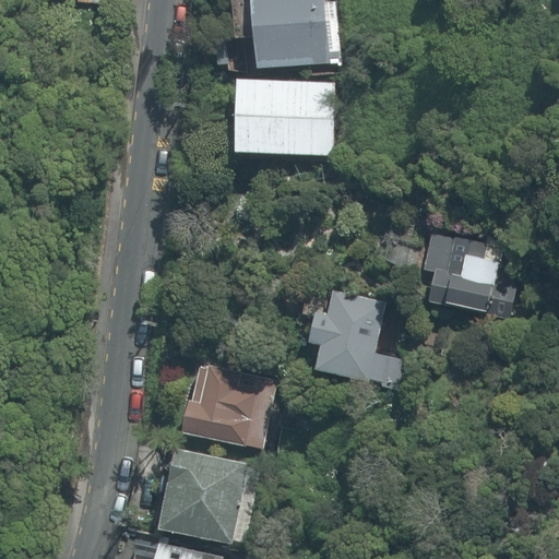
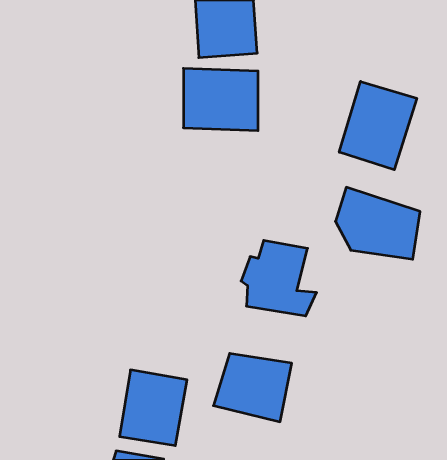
building: none -> [339,81,417,170]
building: [173,365,267,448] -> [213,353,292,422]

